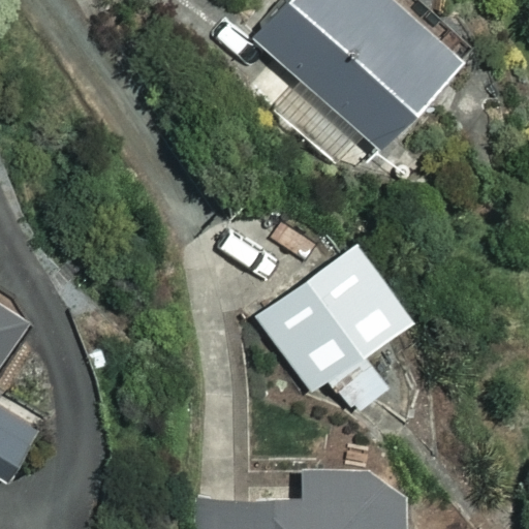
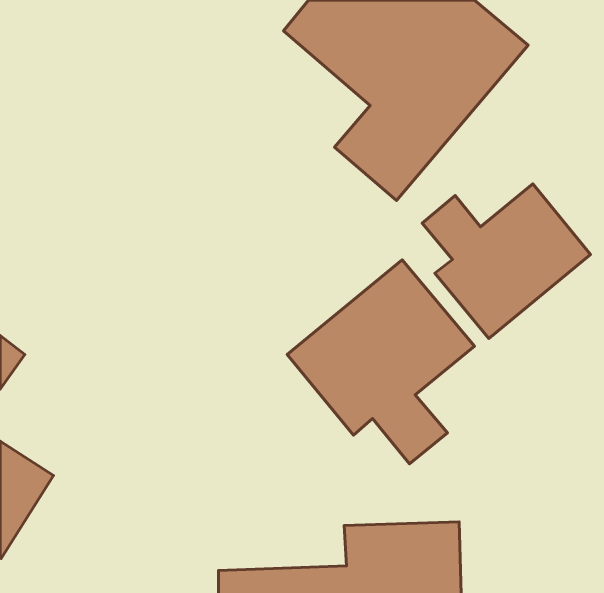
building: none -> [422,184,590,338]

